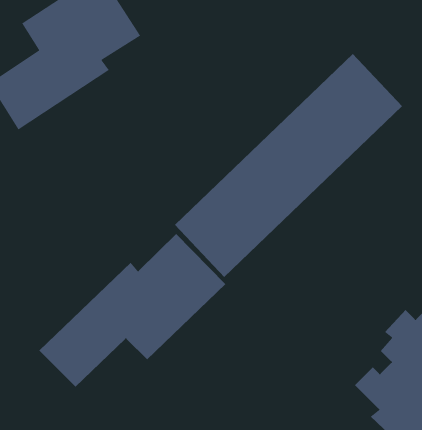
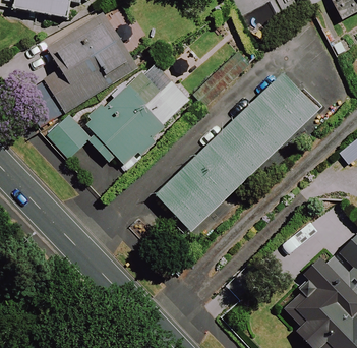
building: none -> [49,72,191,166]
building: [39,233,226,388] -> none

